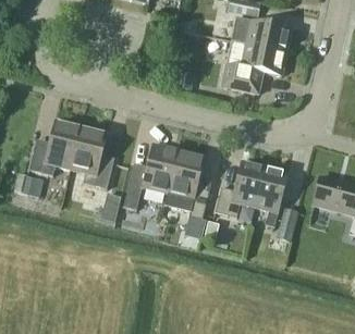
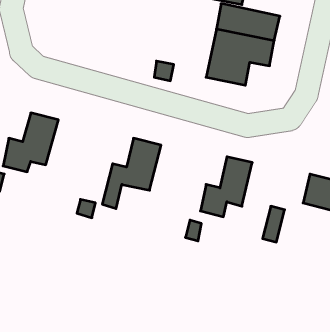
building: [71,126,112,188] -> none
building: [169,150,209,219] -> none
building: [256,166,290,227] -> none

